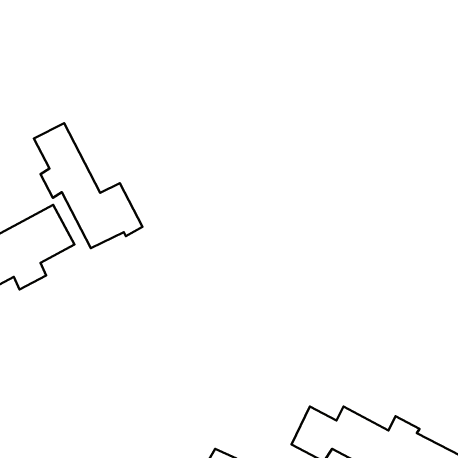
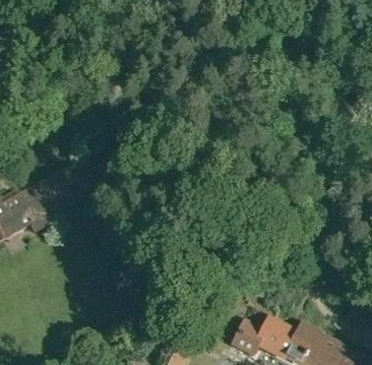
building: [34,123,142,248] -> none

